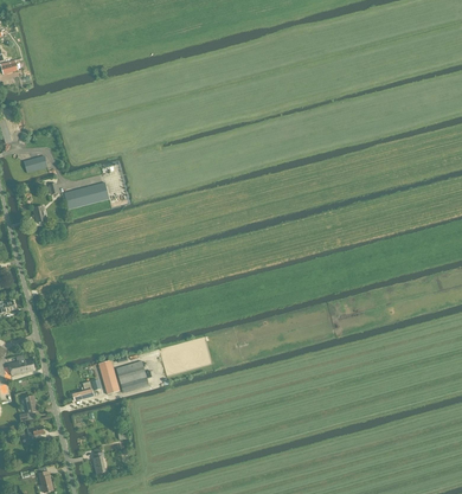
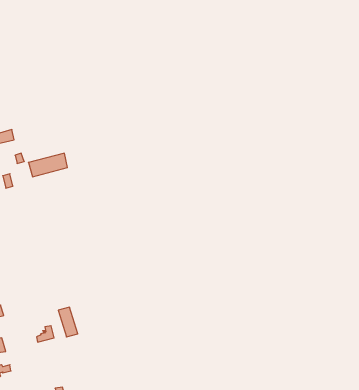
building: [116,360,147,391] -> none

